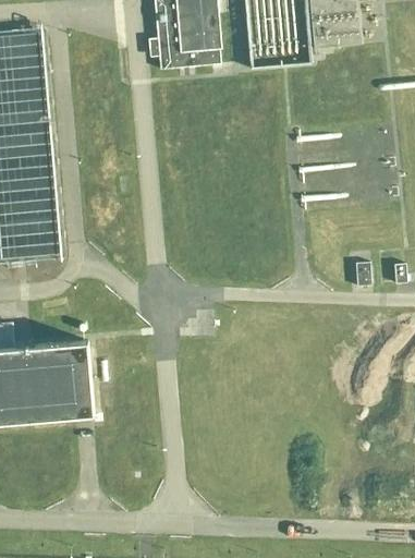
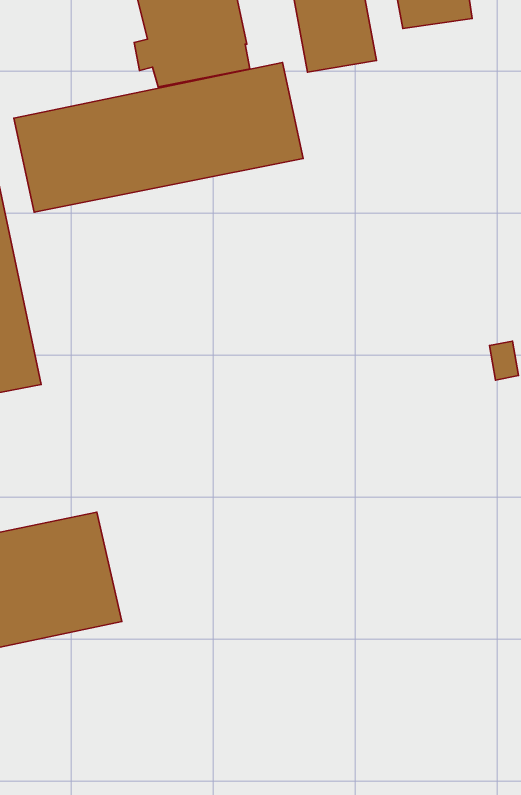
building: none -> [14,63,303,212]

